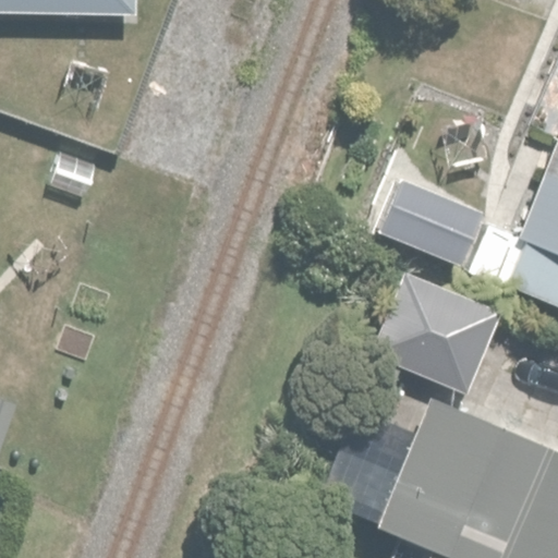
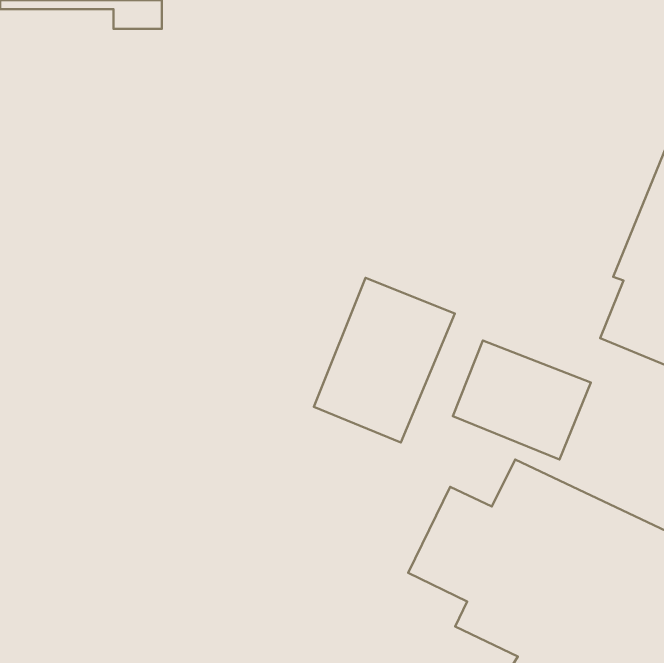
building: [387,182,508,280] -> none
building: none -> [314,278,455,442]

